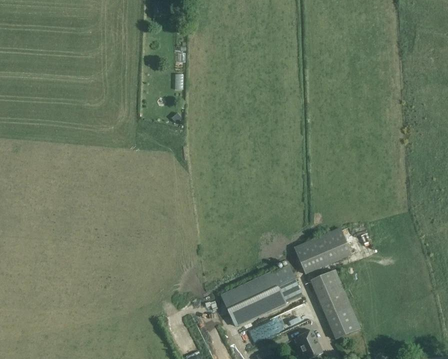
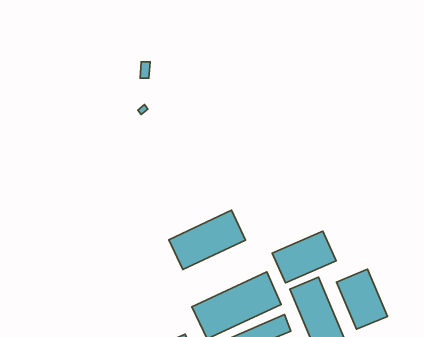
building: none -> [169,210,245,270]
building: none -> [337,269,387,329]

